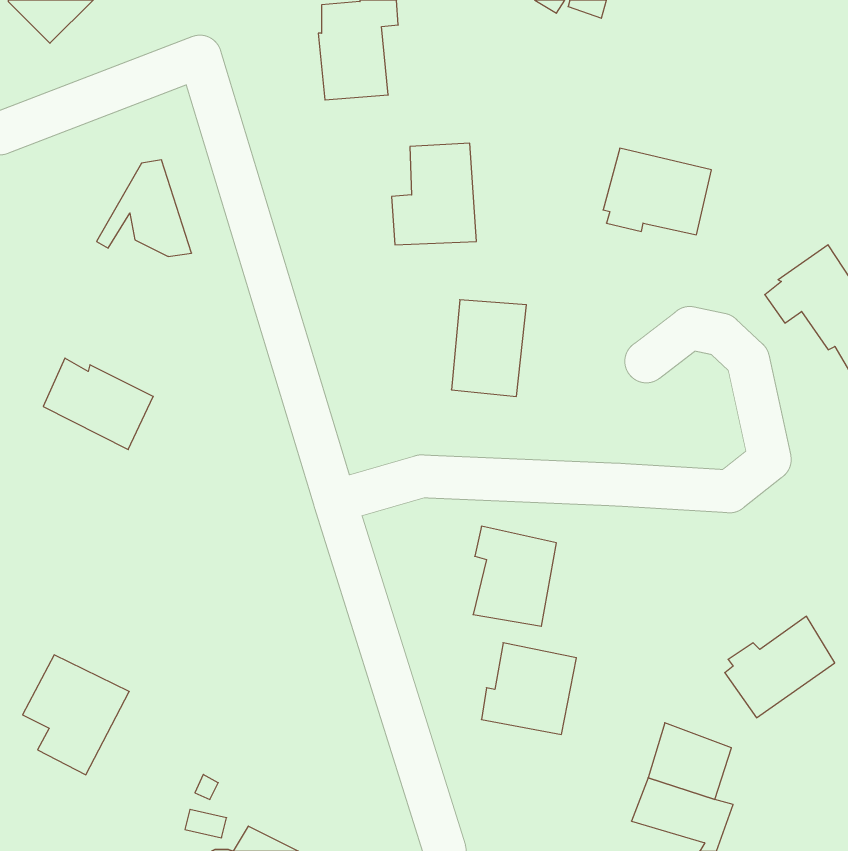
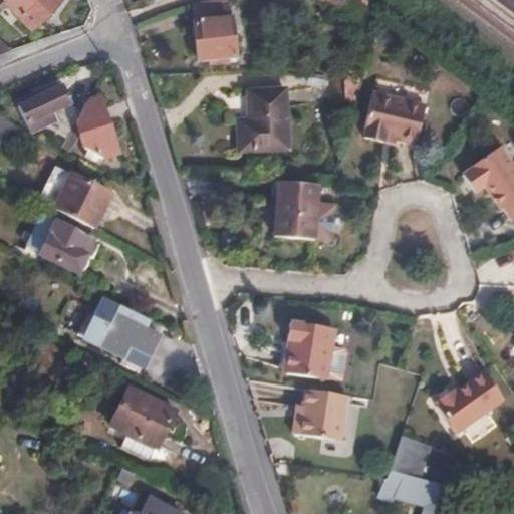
building: none -> [22,85,71,128]
building: none -> [26,164,111,228]
building: none -> [79,293,161,365]
building: [23,655,129,775] -> [110,388,175,460]

